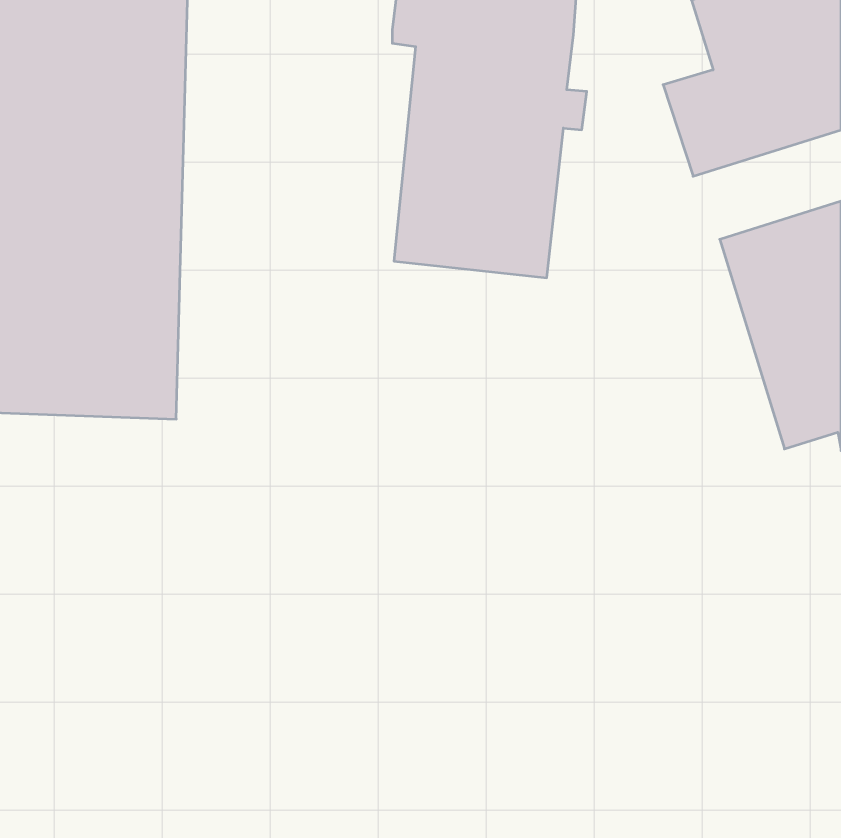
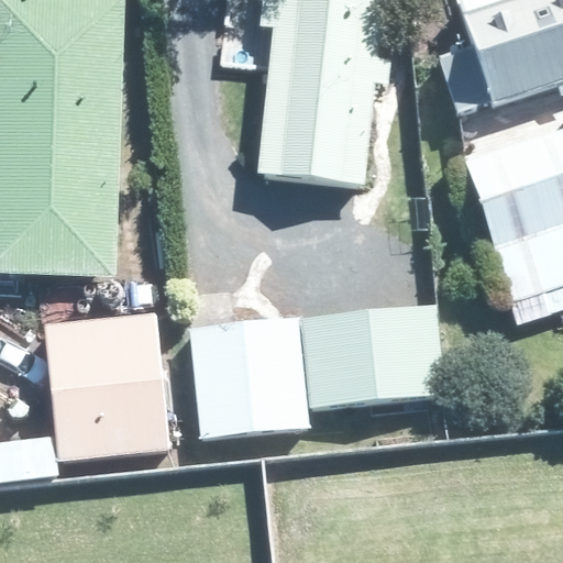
building: none -> [301,305,445,405]
building: none -> [44,316,168,463]
building: none -> [190,321,308,438]

